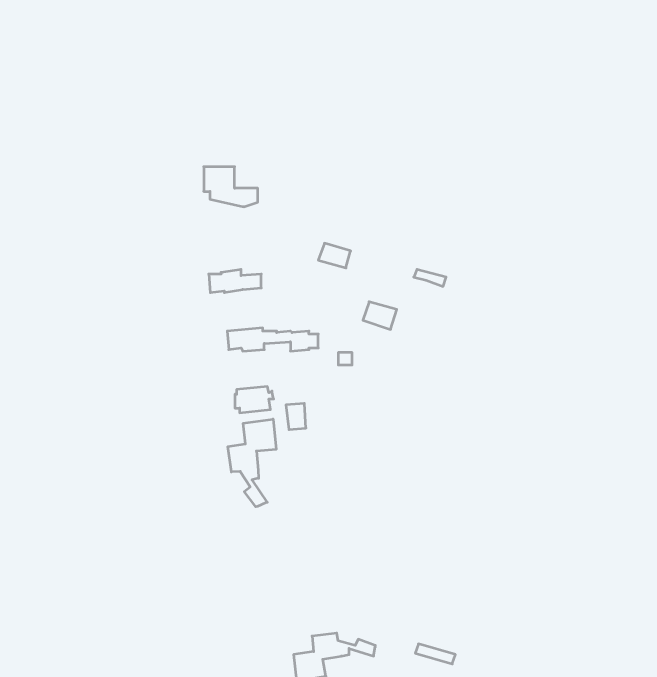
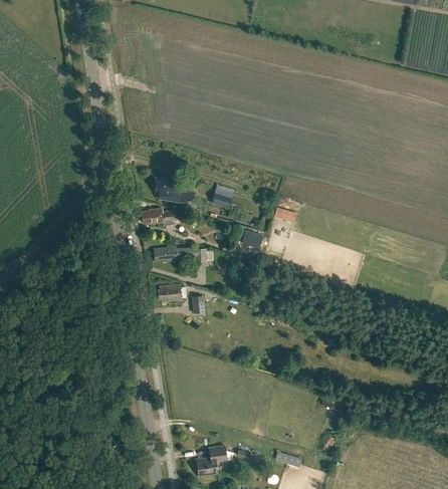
building: [204,167,258,207] -> [155,177,190,203]
building: [228,419,276,507] -> none

